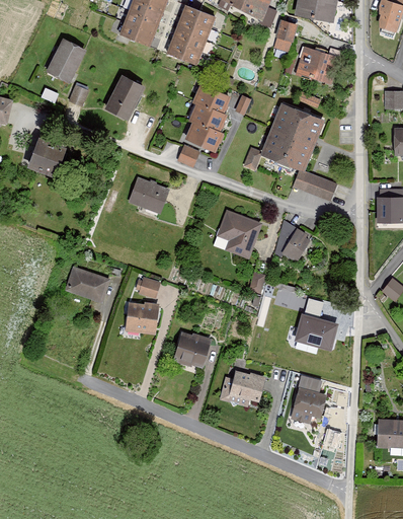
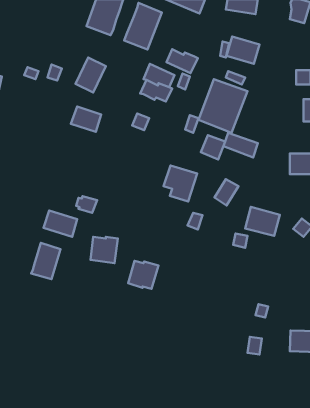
building: [273,18,298,52] -> none
building: [46,36,87,83] -> none
building: [184,121,224,151] -> [167,49,198,73]
building: [26,137,68,177] -> none
building: none -> [201,135,225,159]
building: [129,179,167,212] -> [71,106,101,132]
building: [135,277,161,298] -> [76,196,97,213]
building: none -> [31,243,61,279]
building: [294,314,337,351] -> [245,207,280,236]
building: [219,370,265,406] -> none
building: [290,387,325,424] -> none

